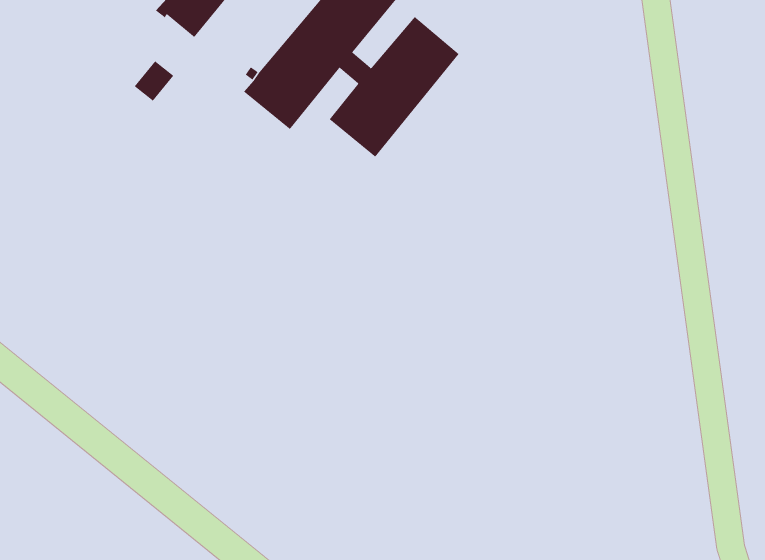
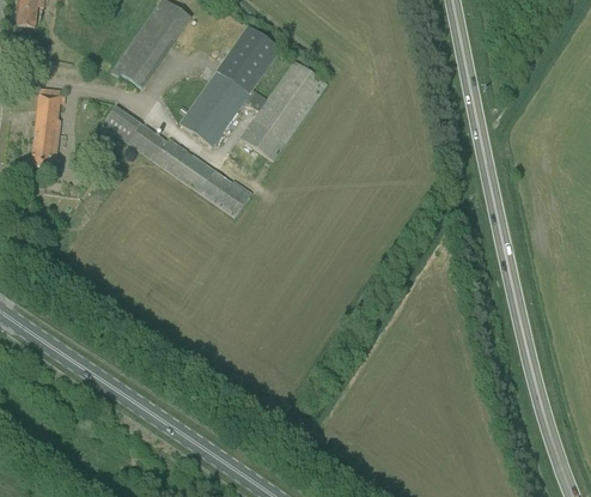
building: none -> [29,87,59,168]
building: none -> [127,121,250,217]

